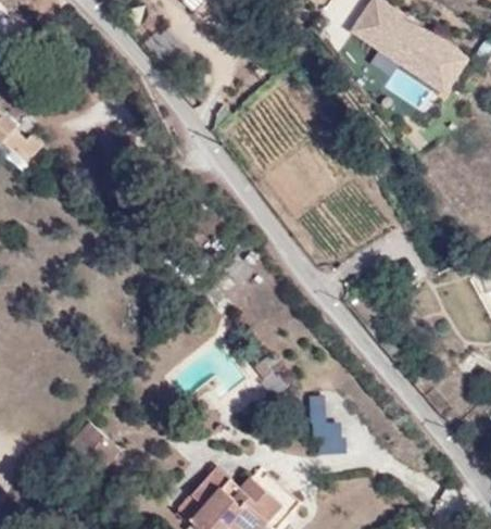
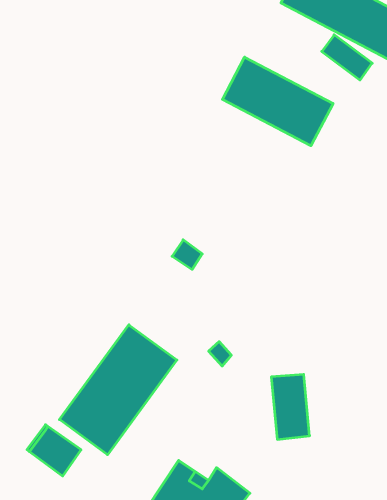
building: none -> [222,57,333,146]
building: none -> [59,325,177,455]

